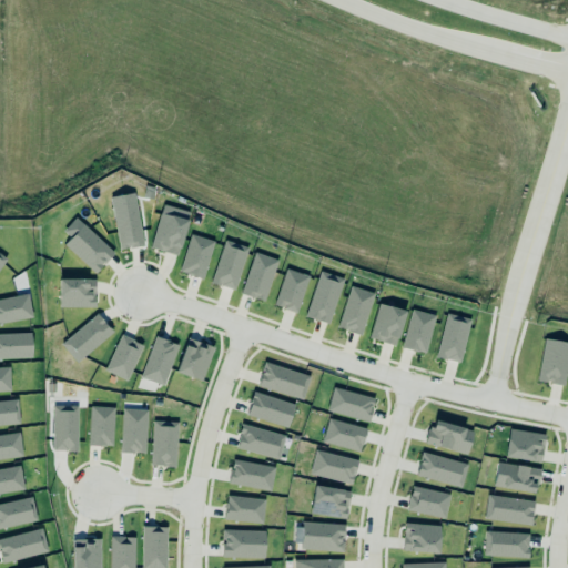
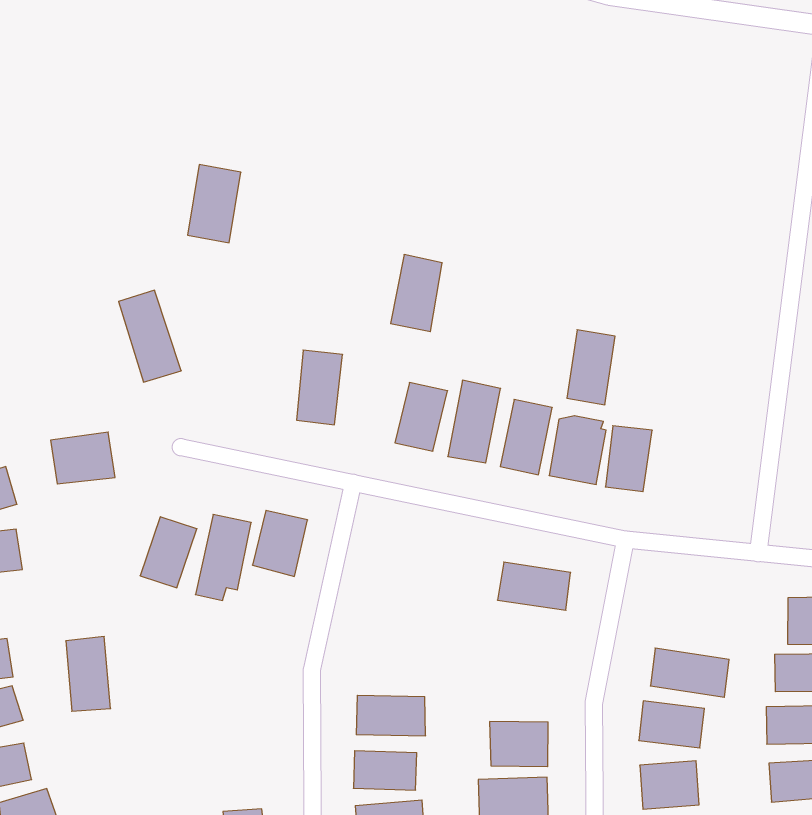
building: [152,203,190,254] -> [188,165,241,243]
building: [64,223,114,272] -> none
building: [182,234,215,278] -> none
building: [243,252,280,302] -> [391,255,442,332]
building: [437,313,471,362] -> [567,330,615,405]
building: [62,315,115,362] -> none
building: [260,363,312,399] -> none
building: [248,392,296,427] -> none
building: [91,406,116,446] -> none
building: [123,408,149,453] -> none
building: [323,416,366,450] -> none
building: [425,416,473,454] -> none
building: [153,420,180,467] -> none
building: [237,424,287,459] -> none
building: [312,452,359,484] -> none

